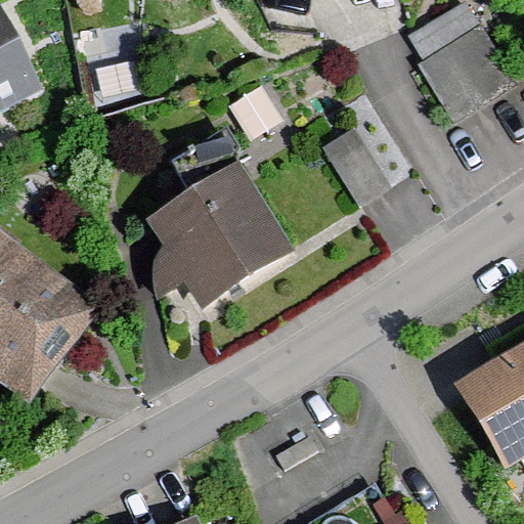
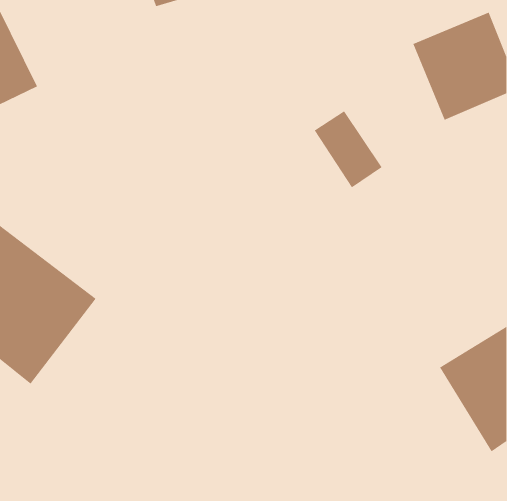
building: [131,156,296,316] -> none

